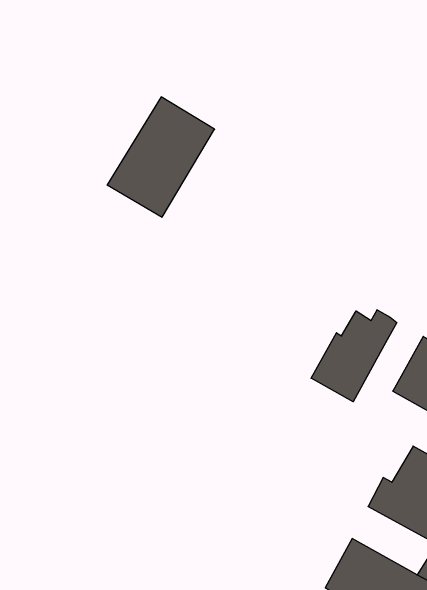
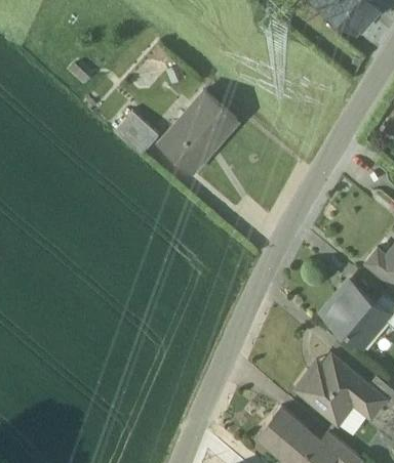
building: none -> [114,114,158,157]
building: [311,310,397,402] -> none

